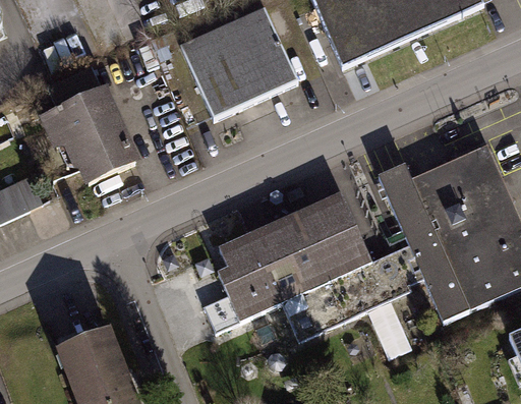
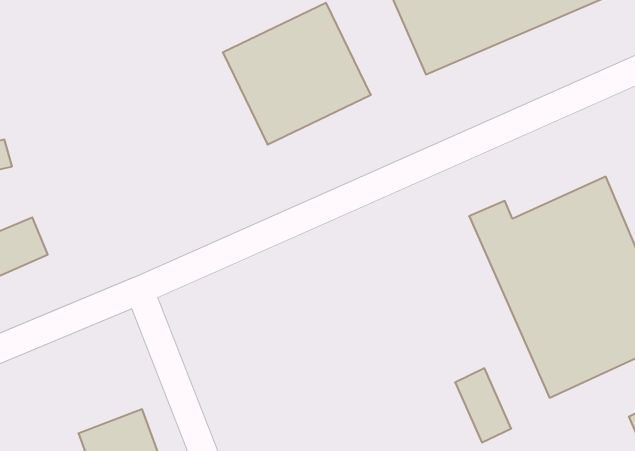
building: [43,85,140,188] -> none
building: [199,193,371,333] -> none

